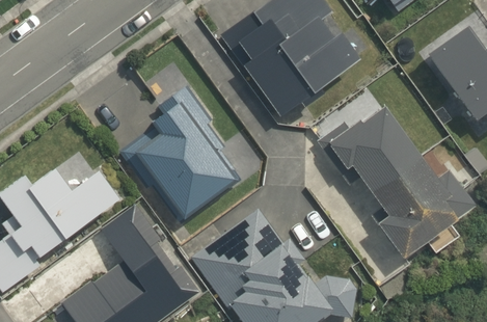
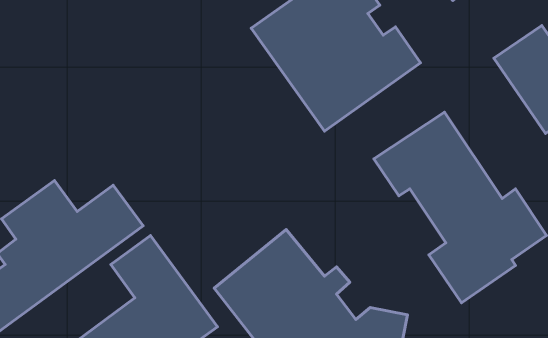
building: [136,93,246,219] -> none

